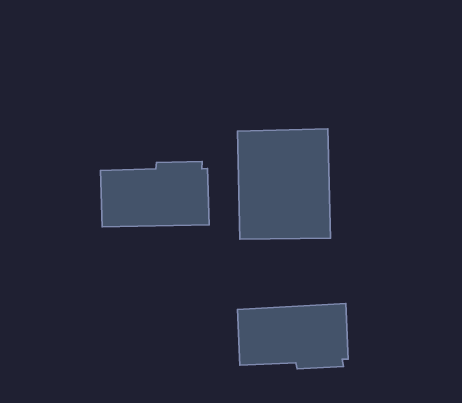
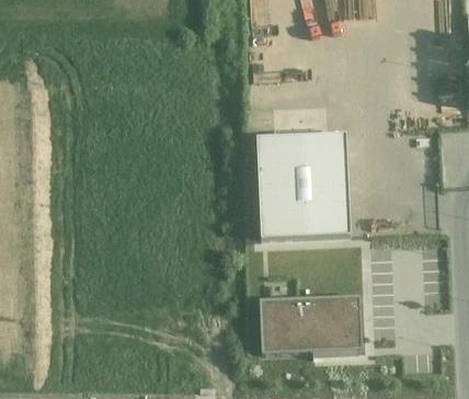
building: [101,162,209,227] -> none

